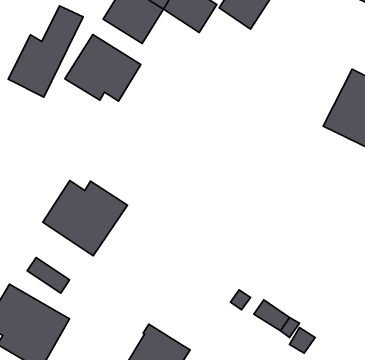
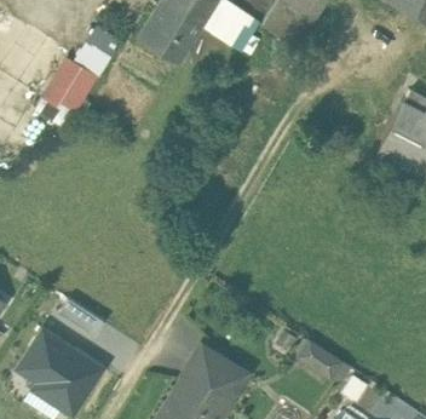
building: [65,35,141,101] -> none
building: [43,180,128,256] -> none
building: none -> [189,346,247,392]

